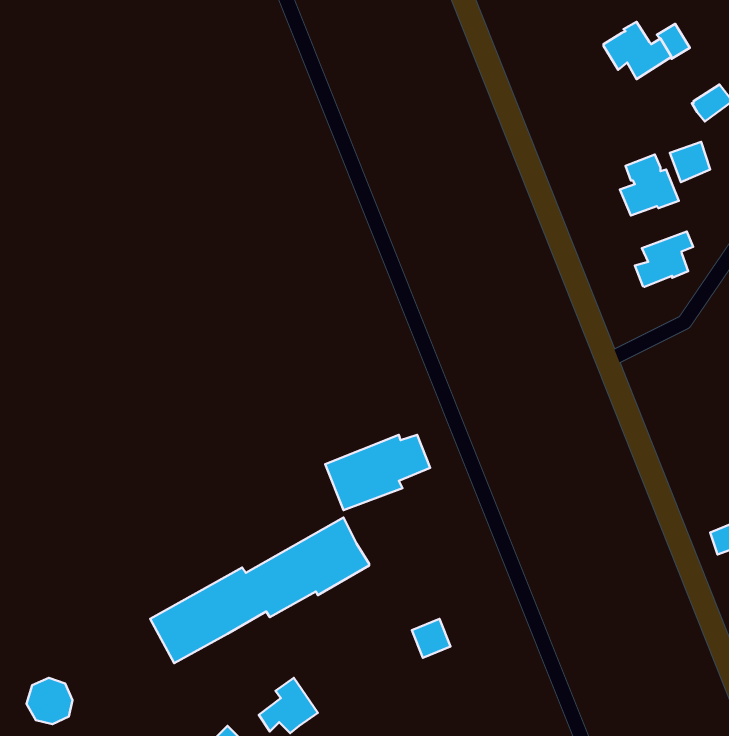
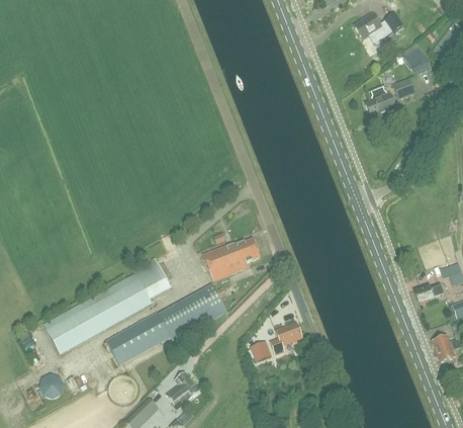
building: [635,231,693,287] -> none
building: none -> [48,261,171,351]
building: none -> [269,322,301,354]

